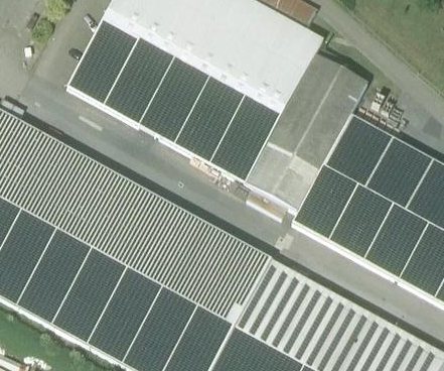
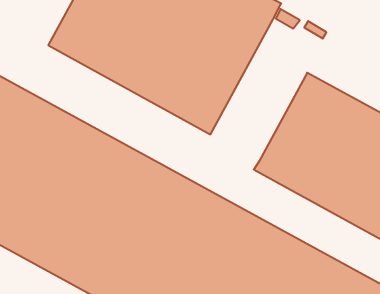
building: [245,56,367,212] -> none

